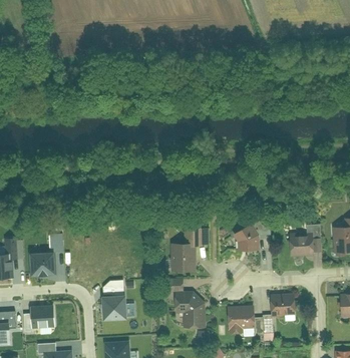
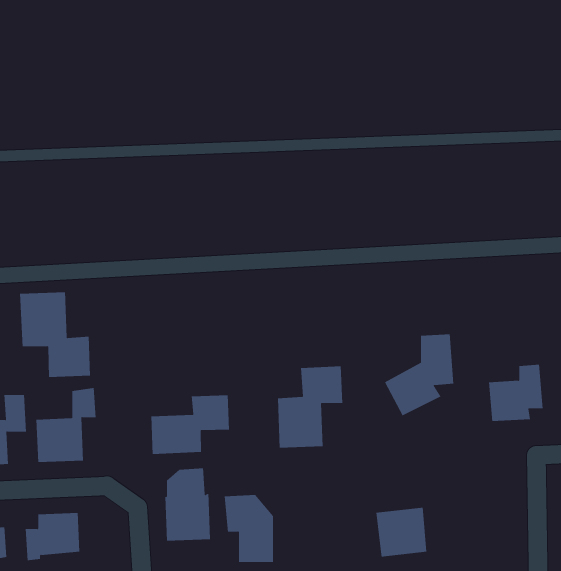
building: none -> [20,291,91,378]
building: none -> [151,394,229,455]
building: [173,290,202,328] -> [224,495,274,562]
building: [268,292,291,317] -> none

